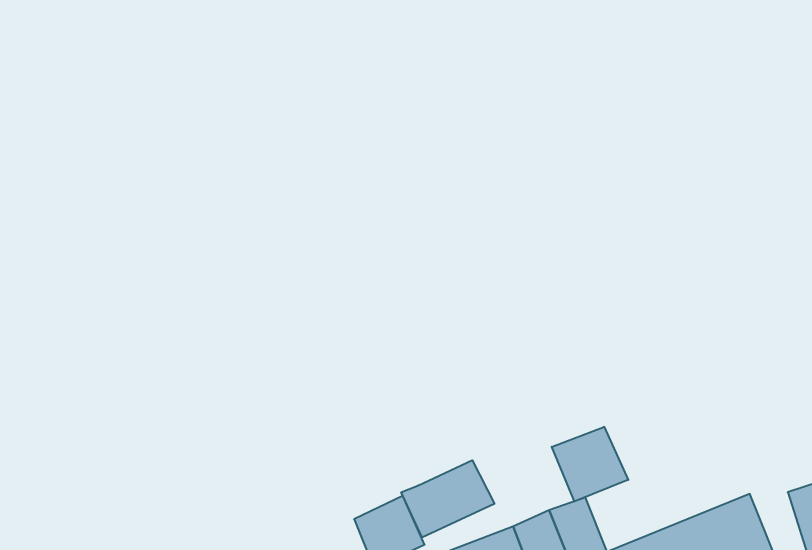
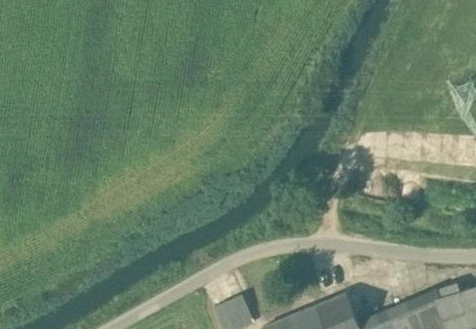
building: [552,427,628,501] -> none
building: [401,460,494,537] -> none

